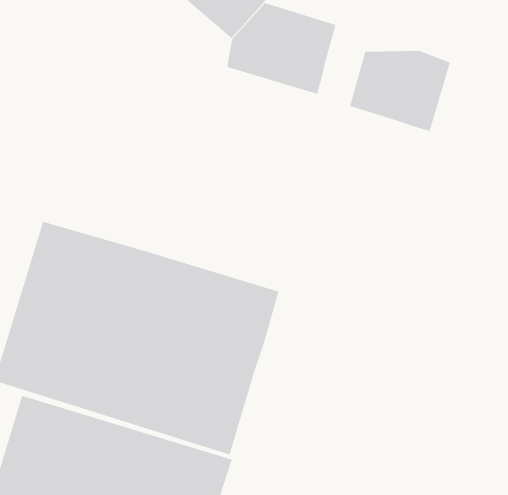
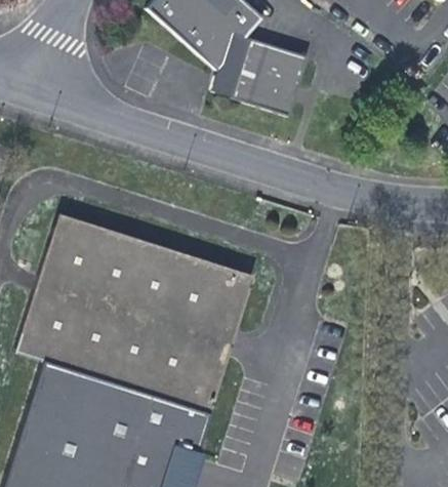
building: [349,50,451,132] -> none

